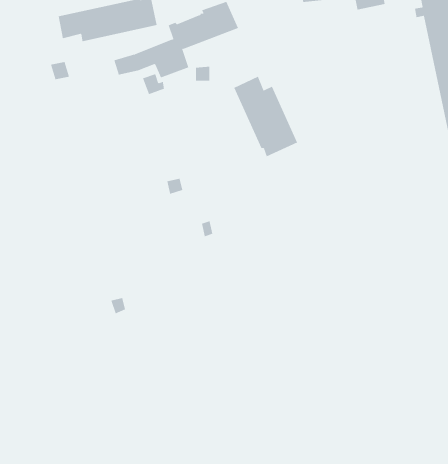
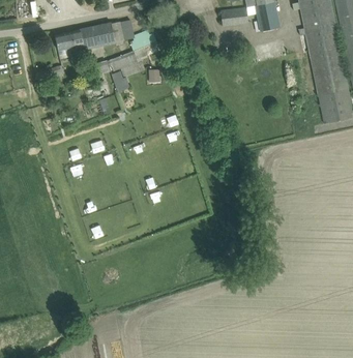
building: [234,76,298,157] -> none

